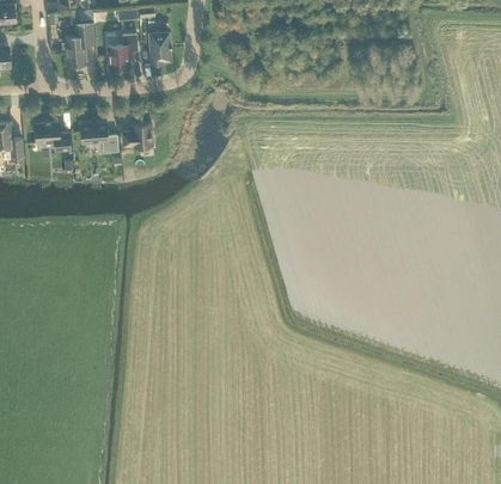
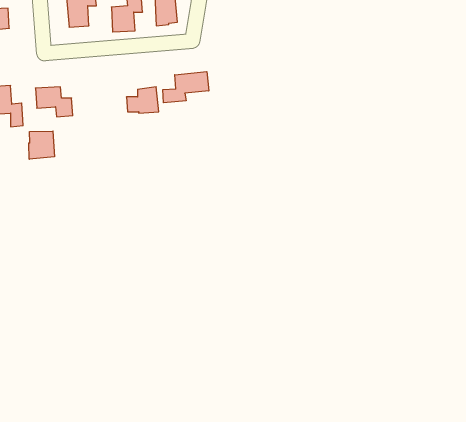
building: none -> [163,72,209,103]
building: [80,122,118,152] -> none
building: none -> [29,131,54,159]

